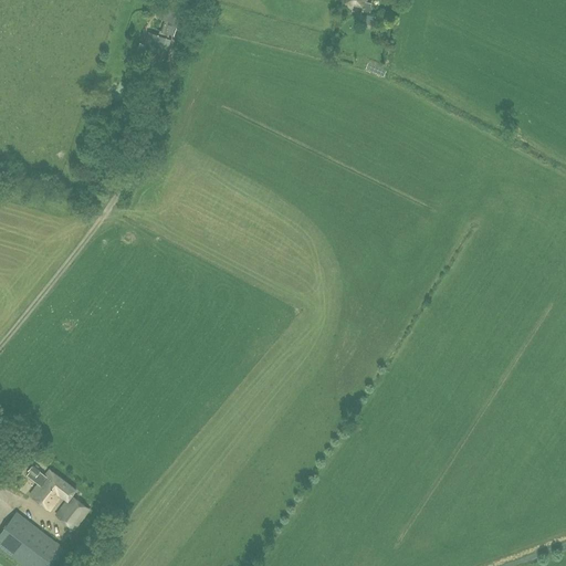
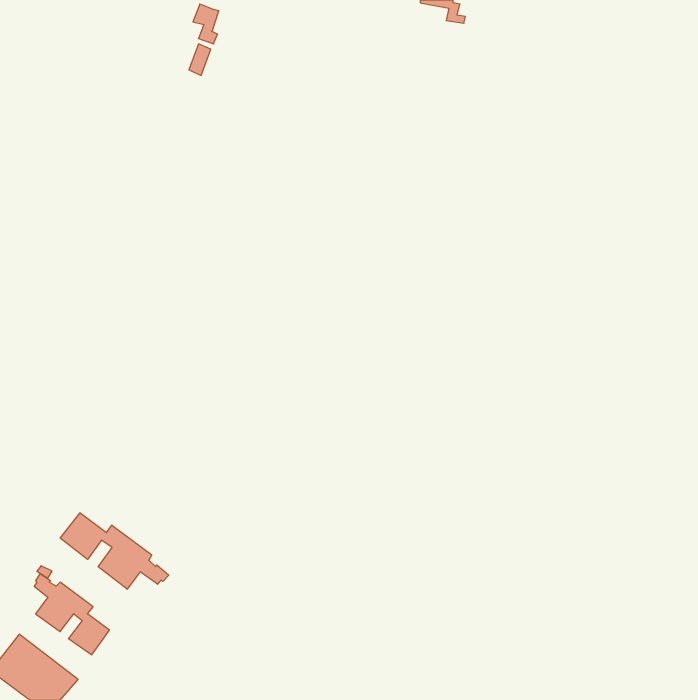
building: none -> [60,513,169,589]

